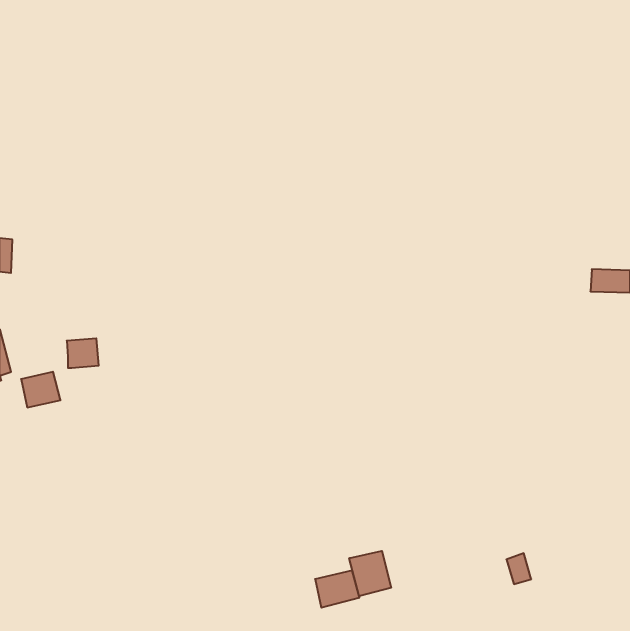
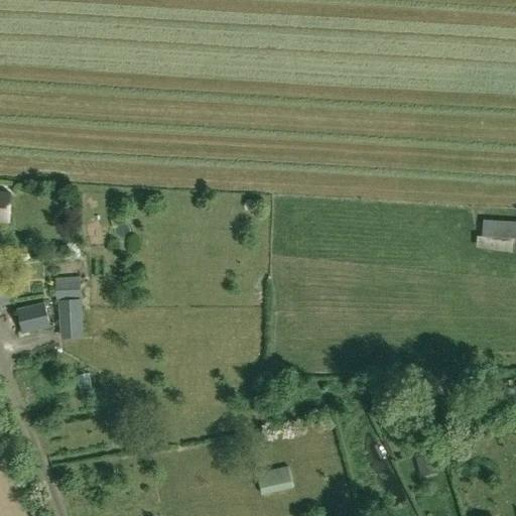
building: none -> [58,298,83,339]
building: [349,551,391,596] -> none

